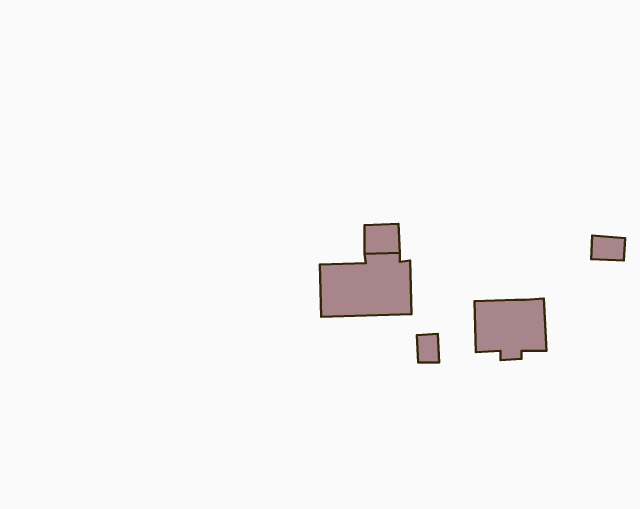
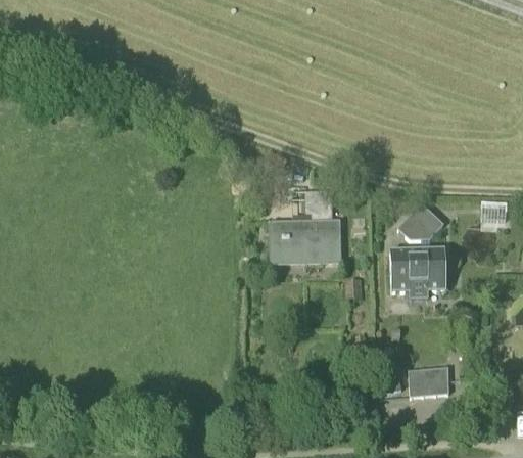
building: none -> [398,201,443,248]
building: none -> [409,364,448,394]

